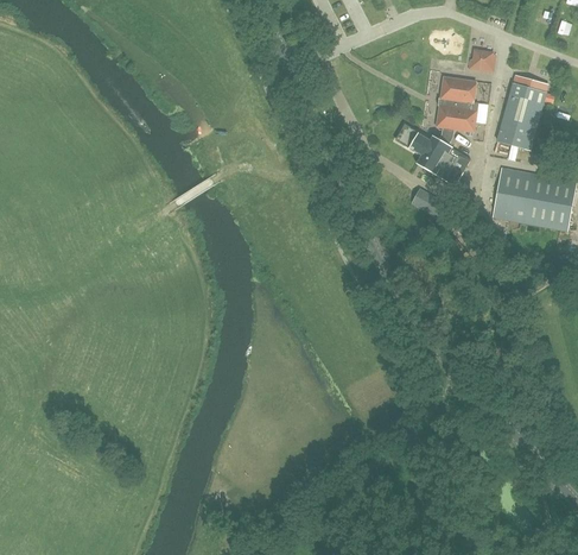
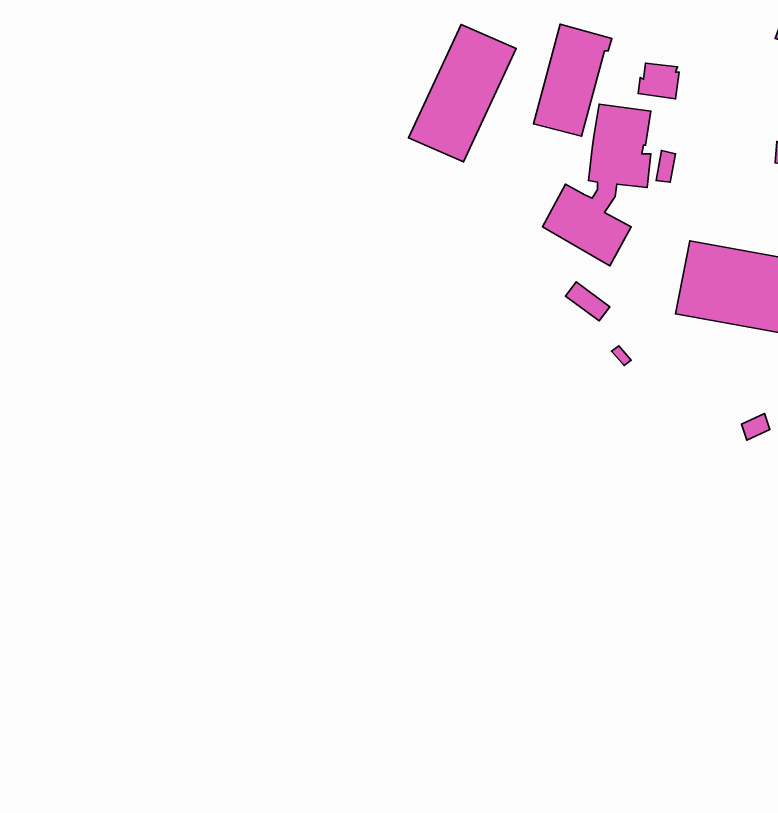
building: none -> [409,24,516,162]
building: [497,74,550,149] -> [533,24,612,136]

